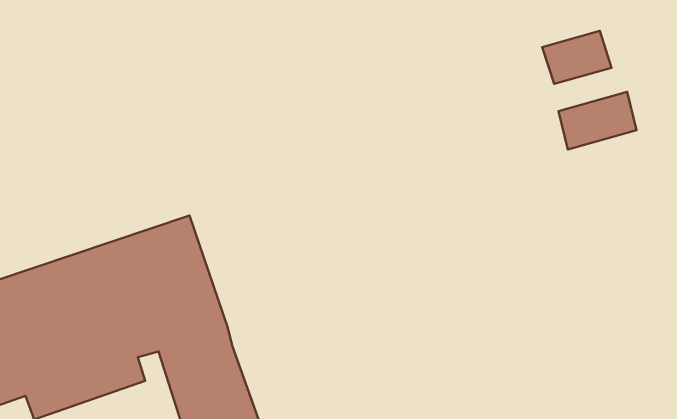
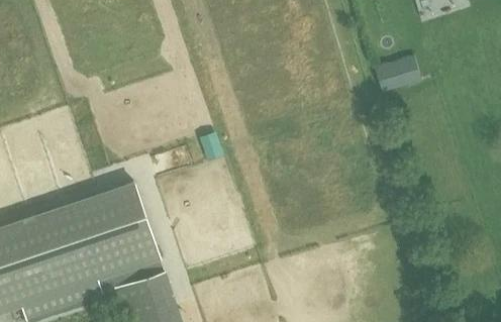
building: [559,92,636,149] -> none

